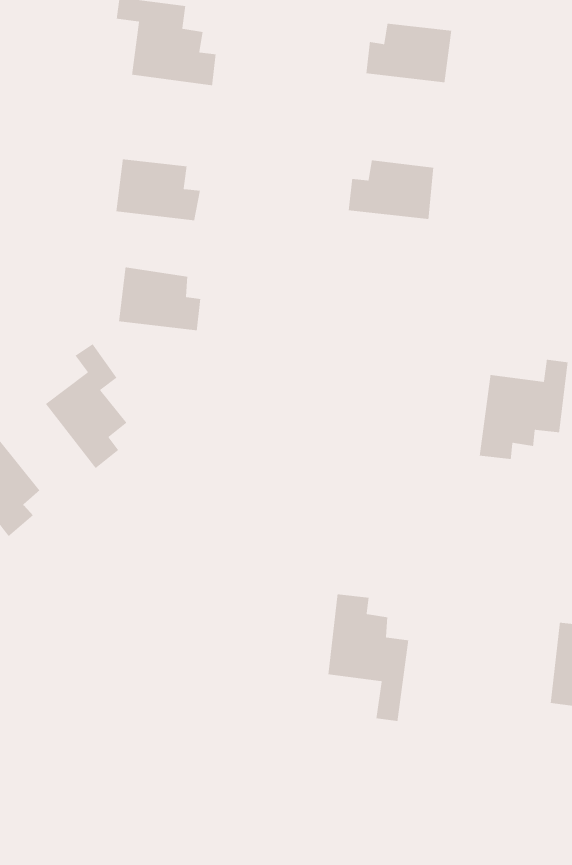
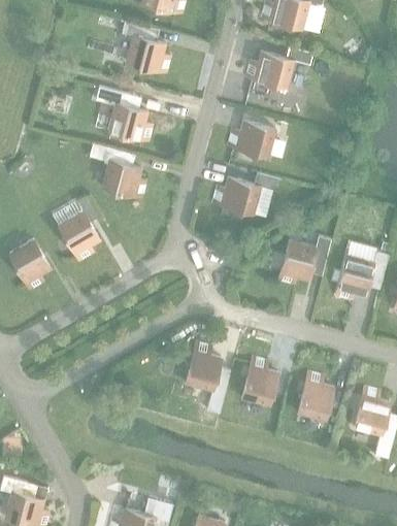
building: none -> [212,173,282,213]
building: none -> [242,358,277,405]

